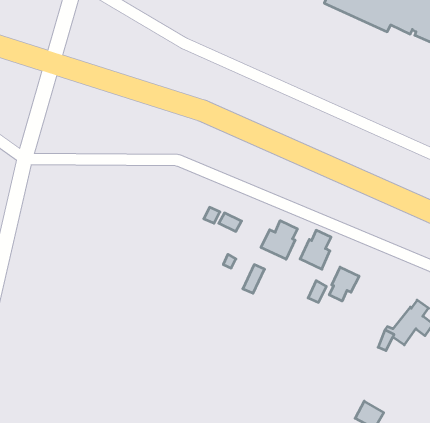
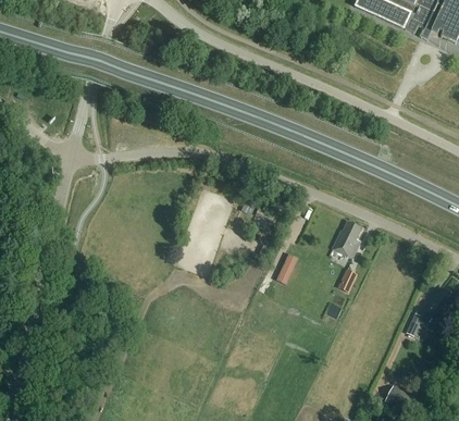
building: [261,221,297,259] -> none
building: [329,267,359,301] -> none

